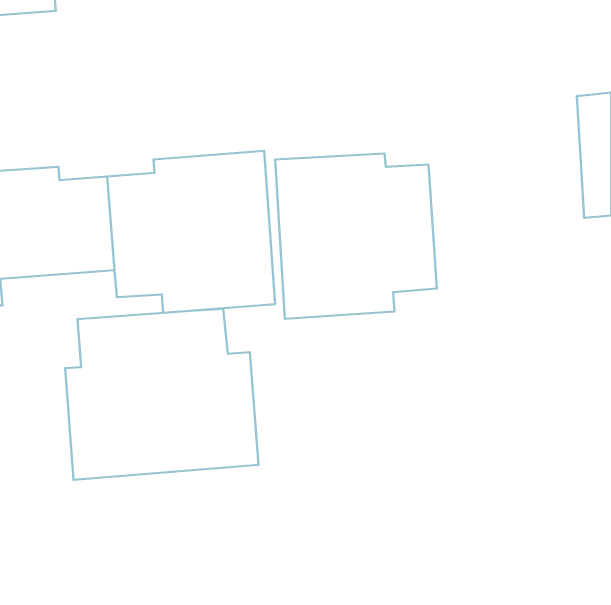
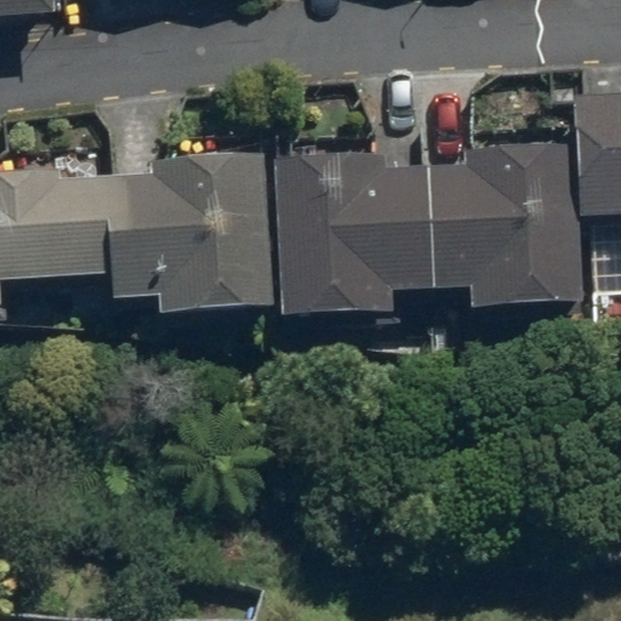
building: none -> [427,144,583,306]
building: [65,309,258,480] -> none

